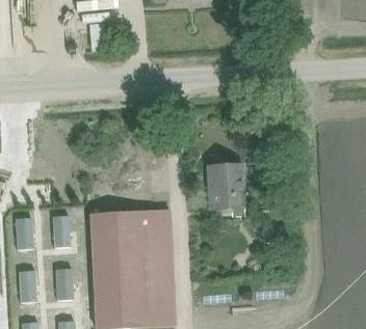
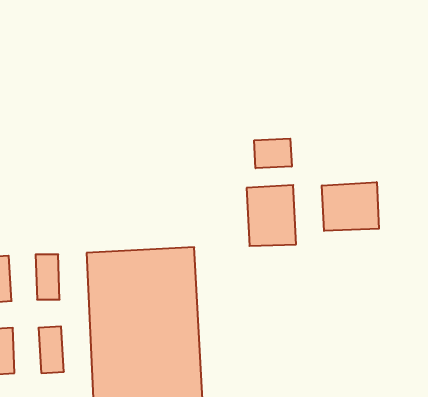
building: none -> [254,139,292,168]
building: none -> [322,182,379,231]

